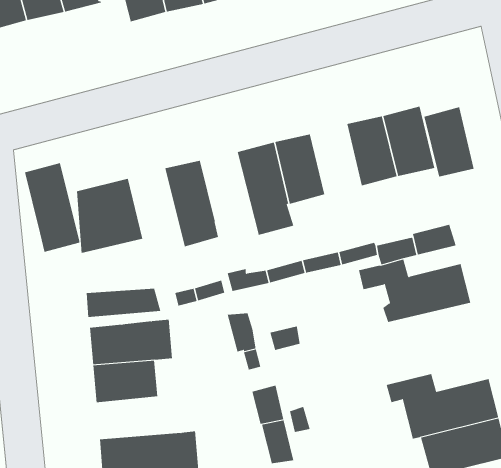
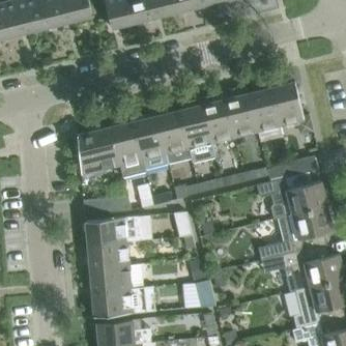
building: [424,107,474,177] -> [225,93,257,138]
building: none -> [155,111,192,165]
building: [24,162,80,253] -> [110,121,145,178]
building: none -> [258,206,333,261]
building: none -> [89,264,143,292]

